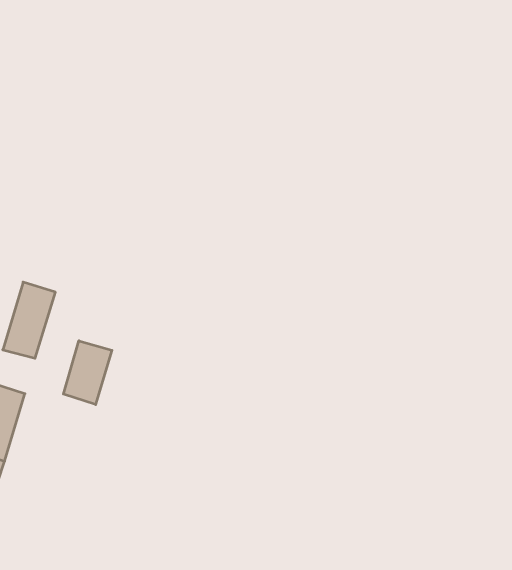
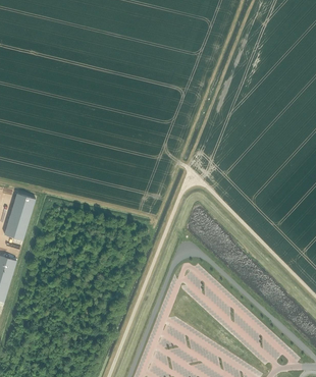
building: [63,341,112,405] -> none

